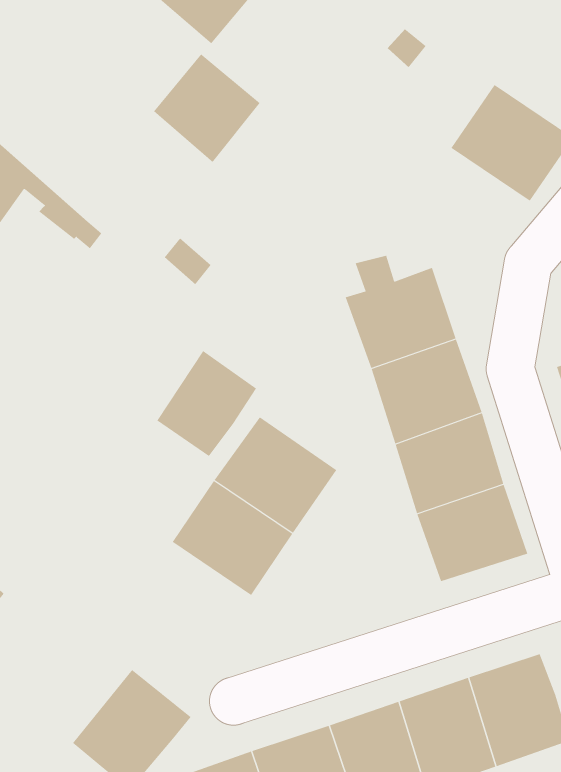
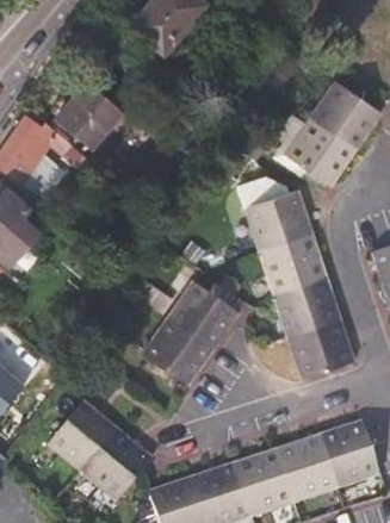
building: [153,53,261,163] -> [56,82,120,148]
building: none -> [283,118,355,187]
building: [157,350,257,457] -> none
building: none -> [47,403,117,474]

